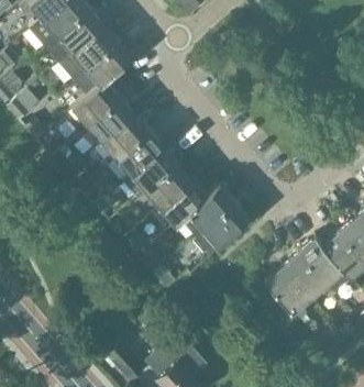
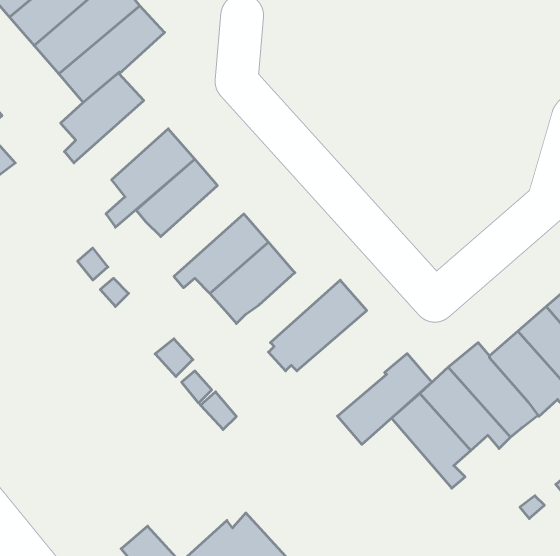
building: [80,96,135,142] -> none
building: [124,145,179,198] -> none
building: [180,184,235,236] -> [337,354,432,444]

